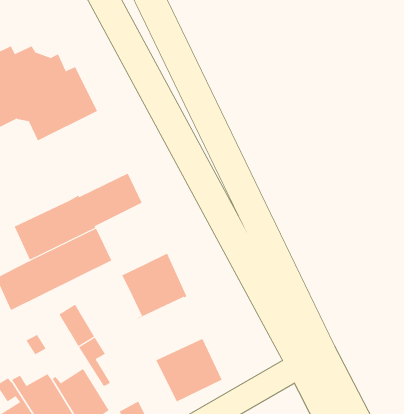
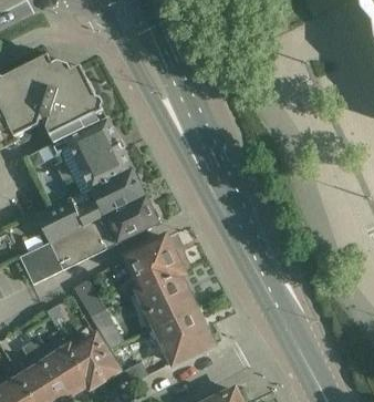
building: none -> [51,115,132,190]
building: none -> [104,193,158,241]
building: none -> [138,272,195,326]

